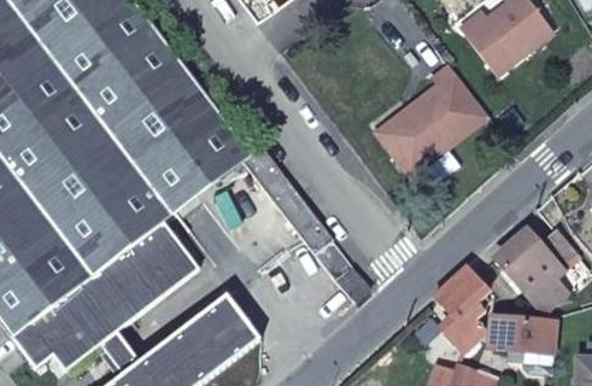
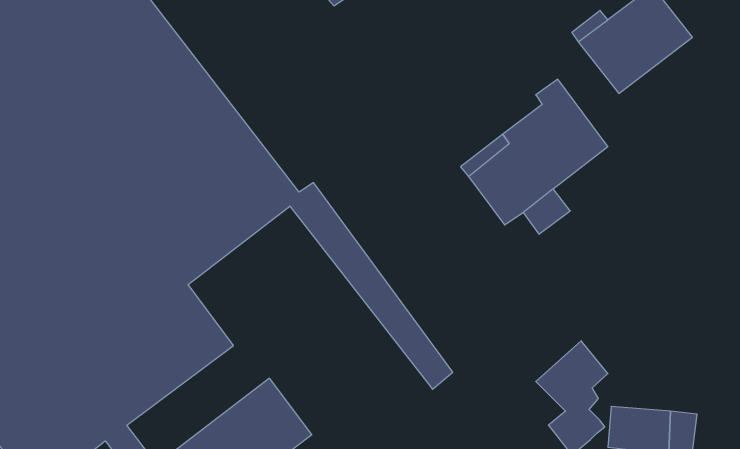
building: [494,227,579,311] -> none

